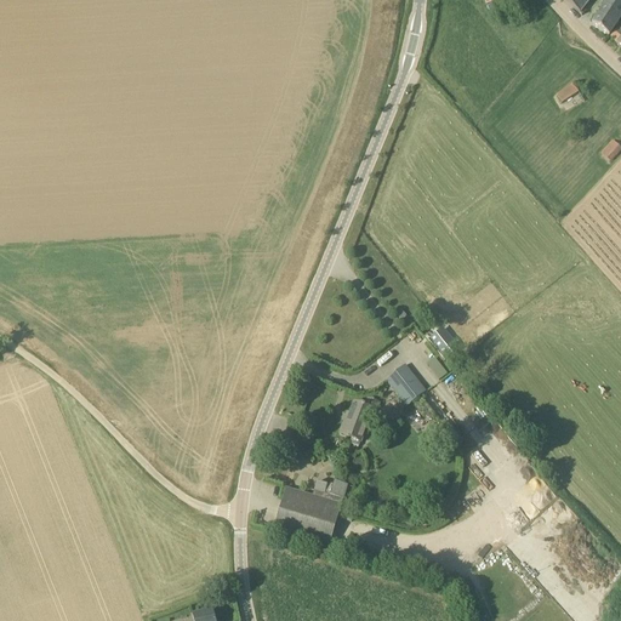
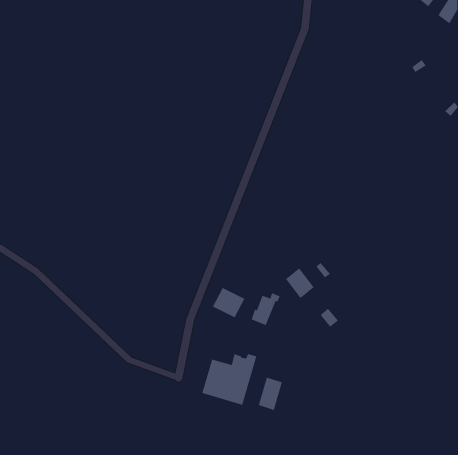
building: none -> [212,287,245,318]
building: none -> [258,377,283,411]

